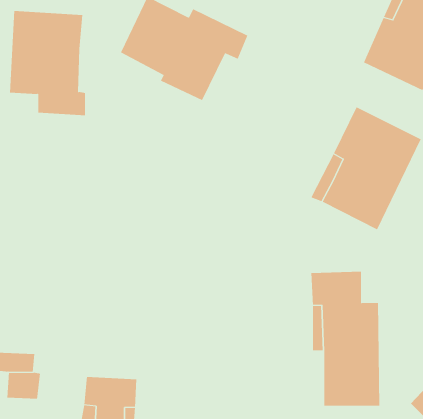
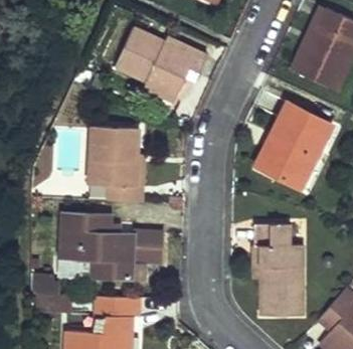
building: [9,11,86,116] -> [91,123,145,197]
building: none -> [58,211,162,279]

